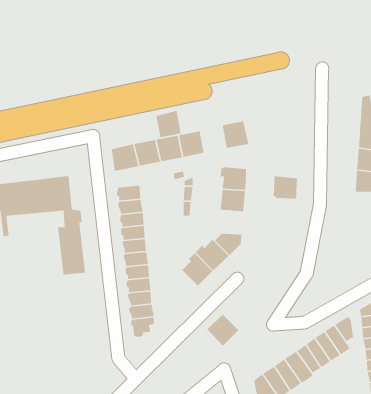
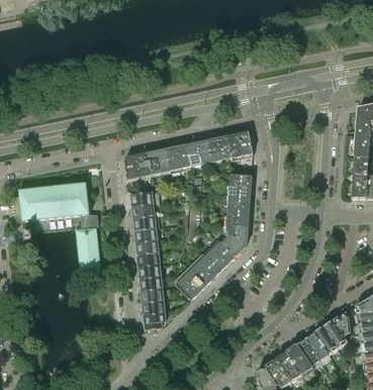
building: [155,110,182,138] -> [207,135,231,162]
building: [273,176,298,200] -> [224,214,248,236]
building: [207,314,239,347] -> [175,270,205,300]

